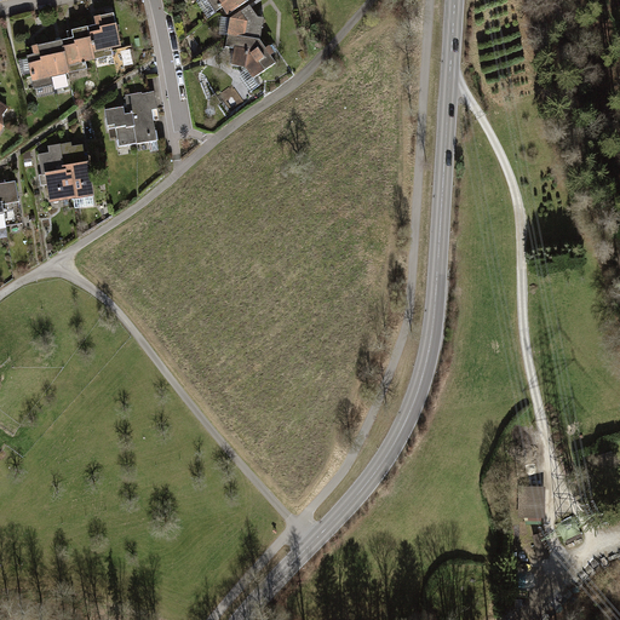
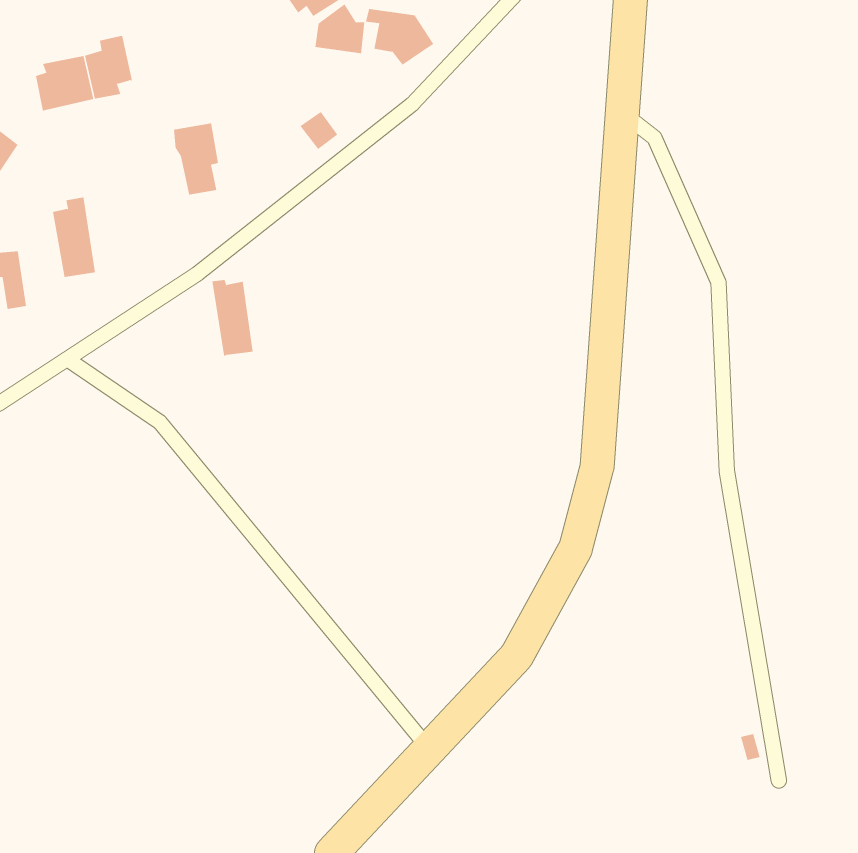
building: [88,12,120,58] -> none
building: [224,34,274,75] -> [365,8,434,66]
building: [103,105,136,144] -> none
building: [61,140,91,196] -> [212,280,254,357]

